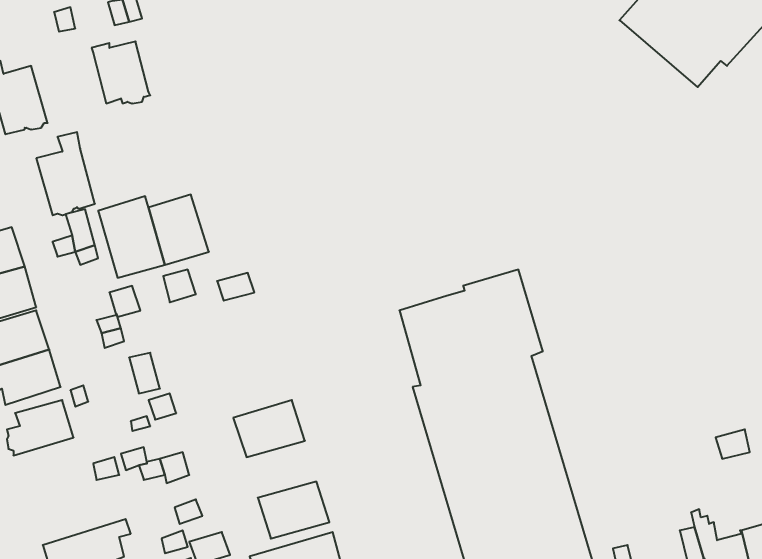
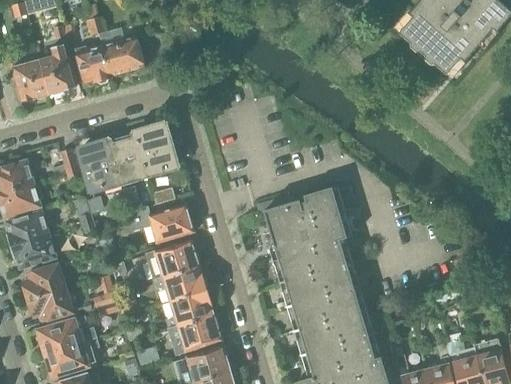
building: none -> [102,36,145,77]
building: [36,132,95,215] -> [38,45,74,96]
building: none -> [134,125,176,175]
building: none -> [126,206,192,242]
building: none -> [146,242,198,280]
building: none -> [27,289,71,321]
building: none -> [170,291,213,326]
building: none -> [37,316,96,355]

